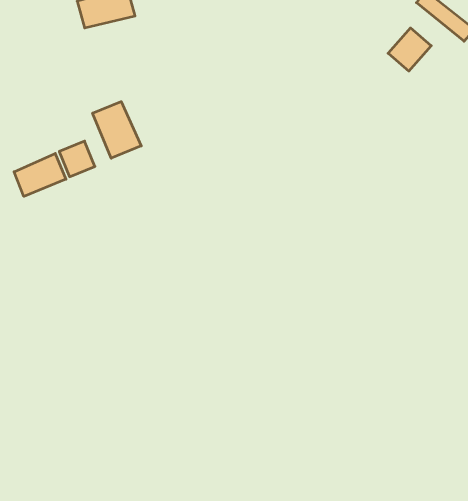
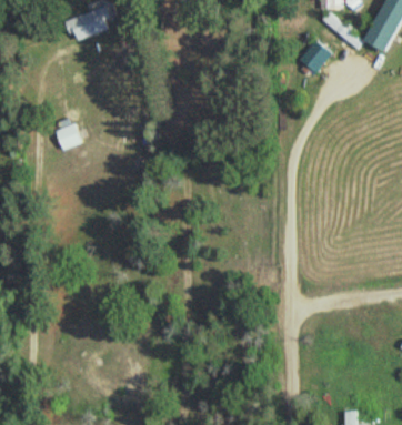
building: [93,102,141,158] -> none
building: [14,153,66,196] -> none

